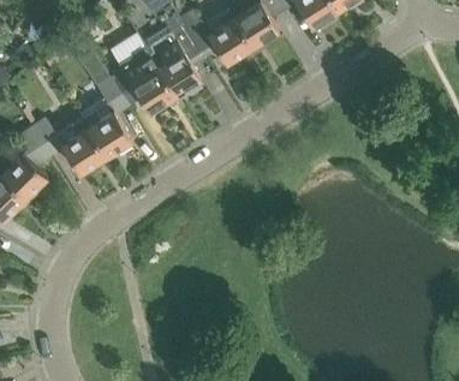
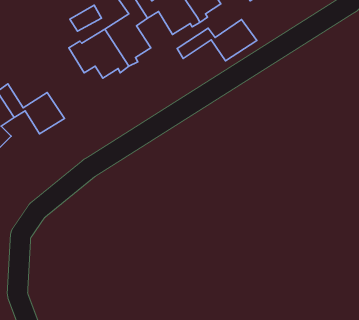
building: none -> [177,19,257,61]
building: [79,79,131,157] -> none

